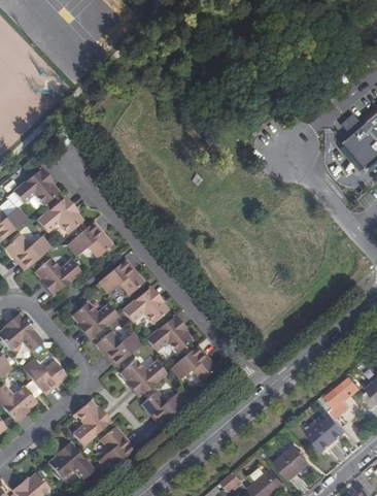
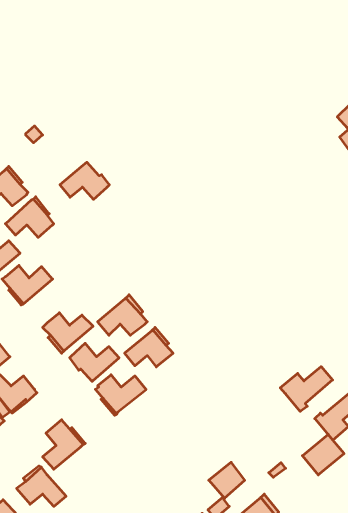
building: [66,224,111,258] -> [60,162,109,199]
building: [98,260,143,294] -> none
building: [170,346,217,386] -> none
building: none -> [280,367,333,411]
building: [141,391,186,425] -> none
building: [97,427,132,471] -> none
building: [276,445,309,478] -> [209,462,245,498]

